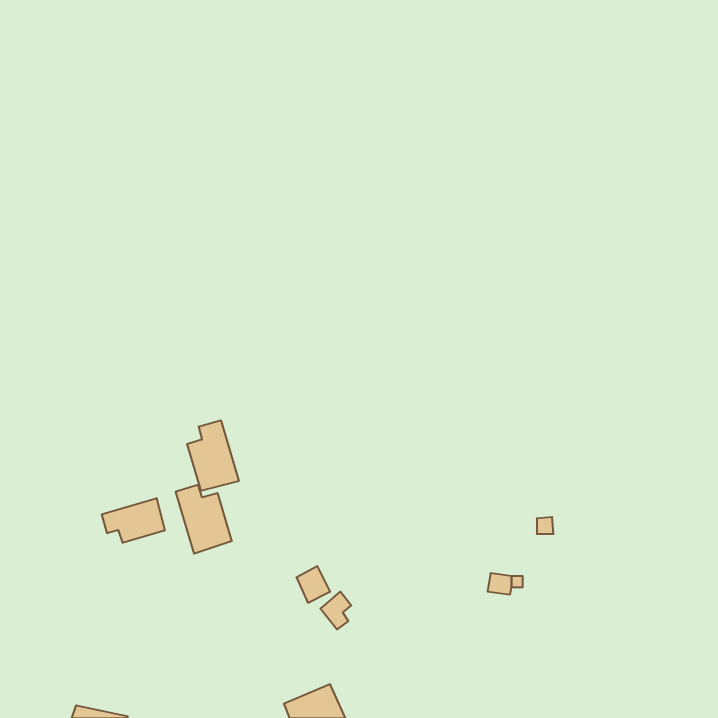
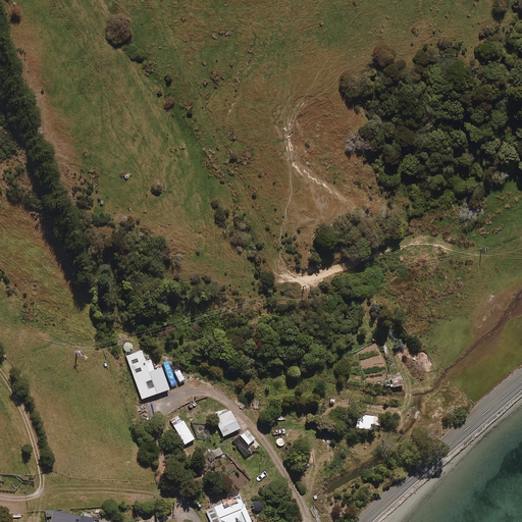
building: [187,420,239,491] -> none
building: [102,498,165,543] -> none

